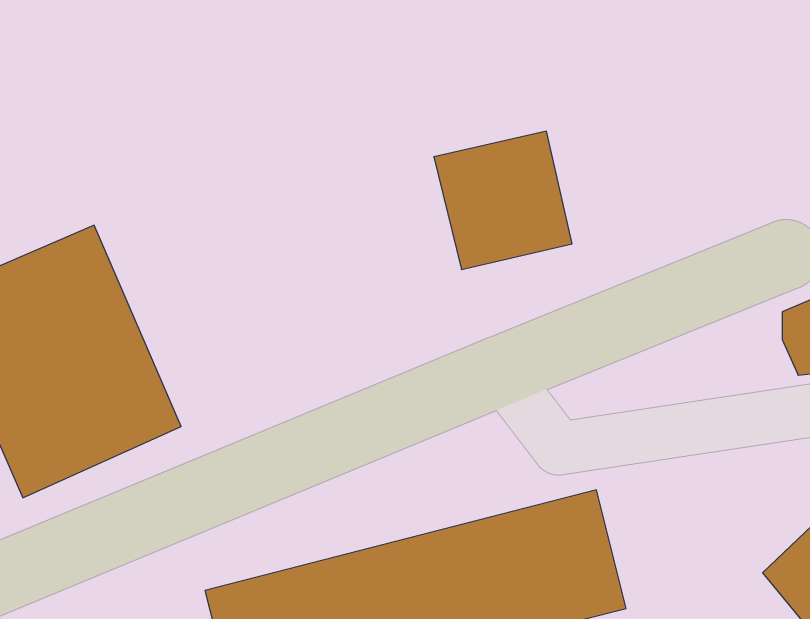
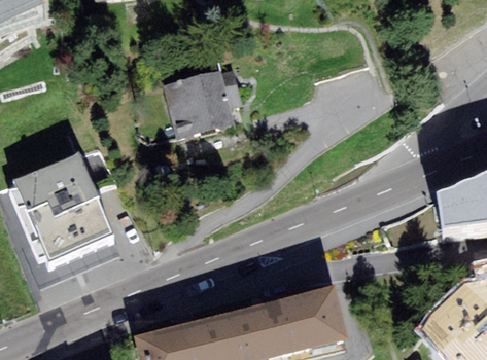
building: [434,131,572,270] -> [163,67,235,139]

